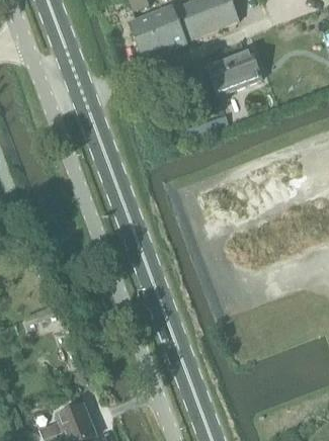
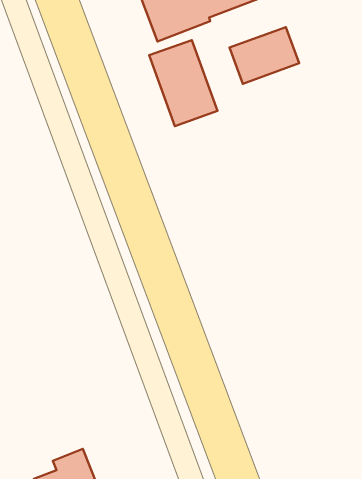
building: none -> [149,40,217,126]

